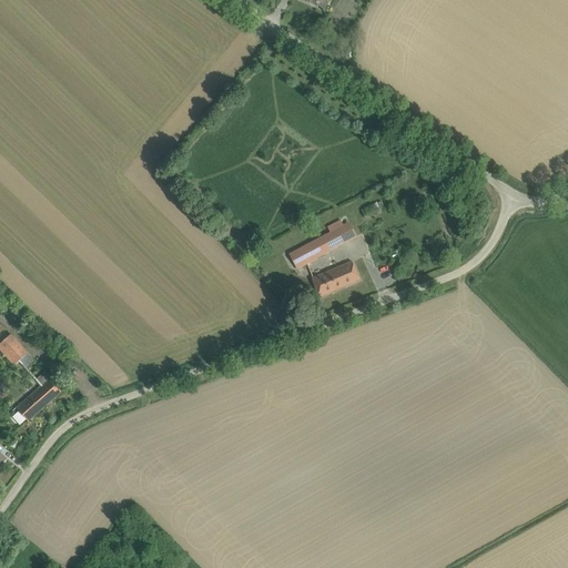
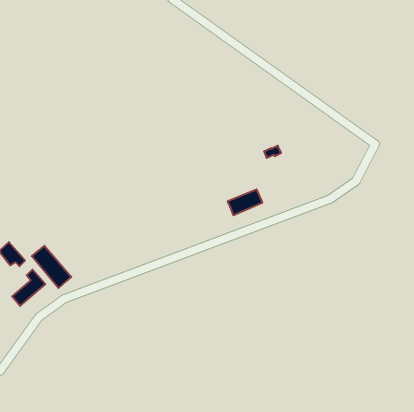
building: [290,219,352,266] -> none
building: none -> [32,246,71,288]

